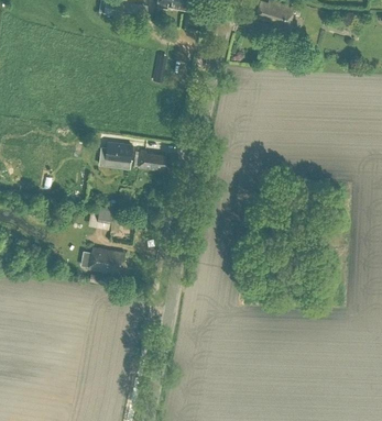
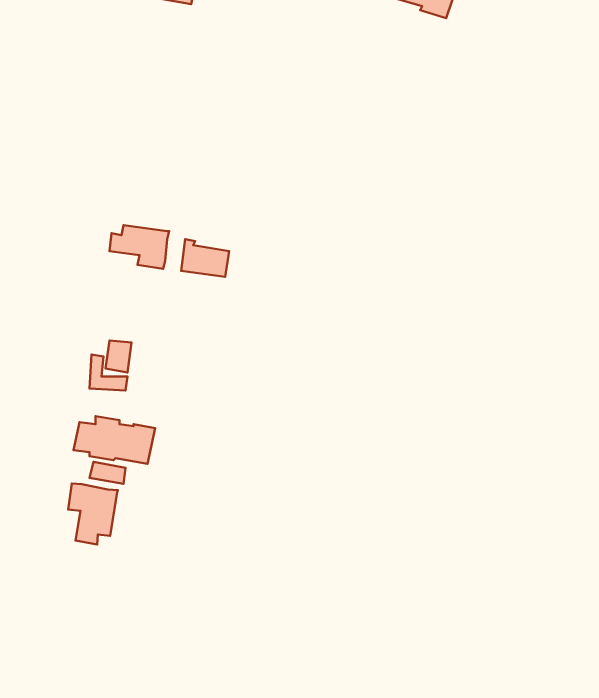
building: none -> [68,484,118,544]

